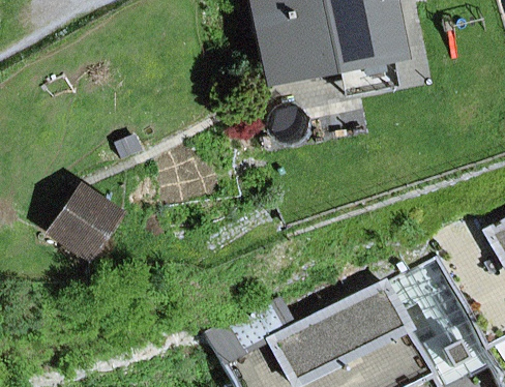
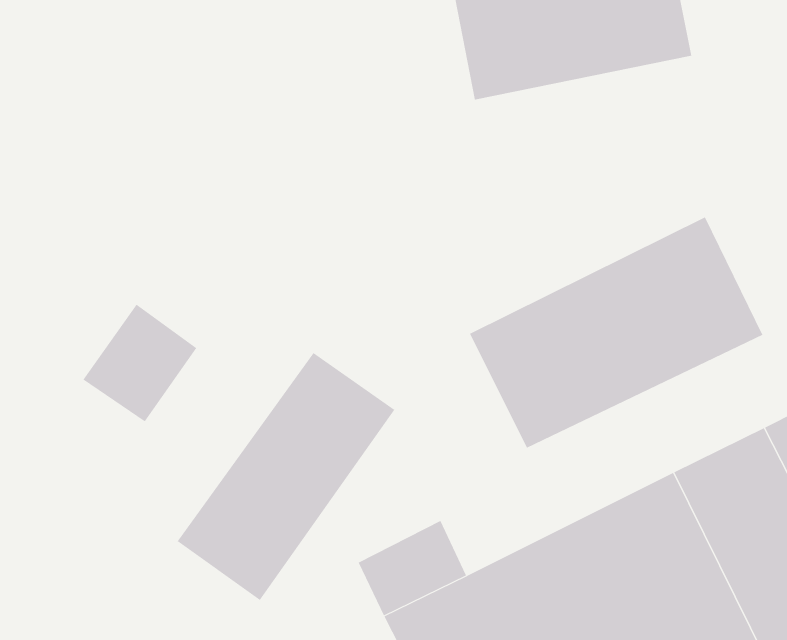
building: none -> [469,217,763,449]
building: none -> [177,352,395,601]

